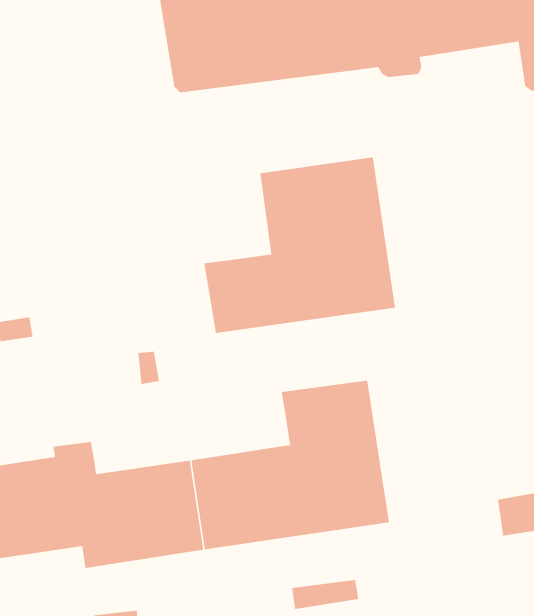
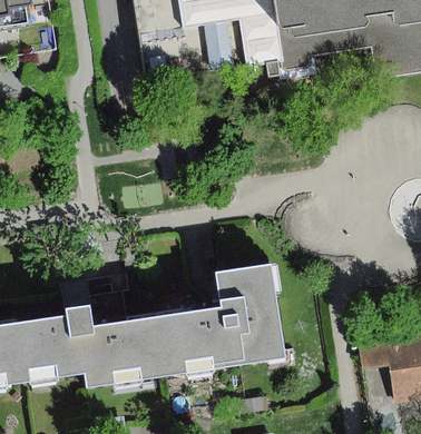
building: [204,156,396,334] -> none

